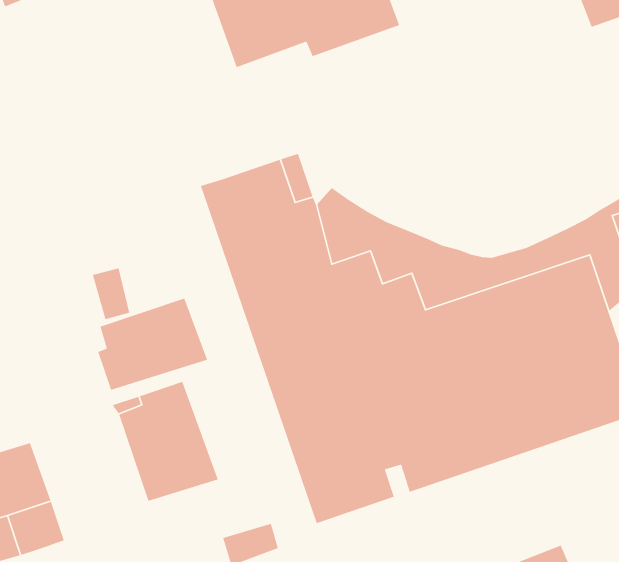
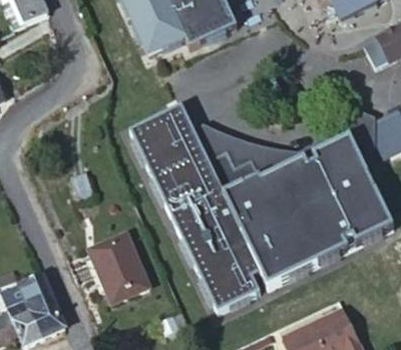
building: [97,297,208,391] -> none

